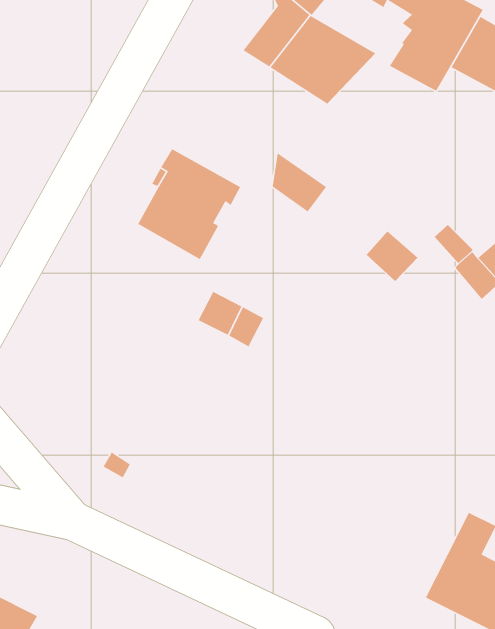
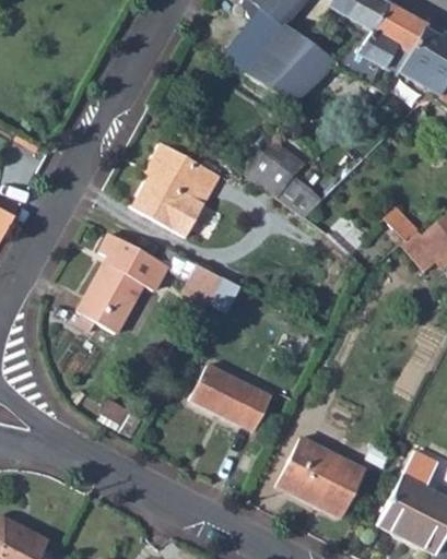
building: none -> [278,175,322,216]
building: none -> [78,233,168,333]
building: none -> [190,365,271,431]
building: none -> [277,437,365,518]

